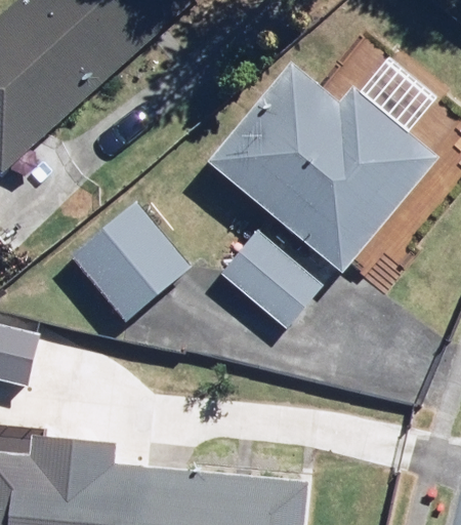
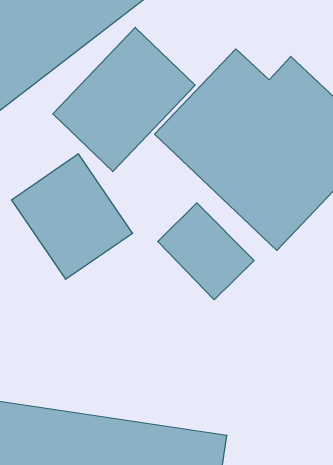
building: none -> [53,27,195,172]

